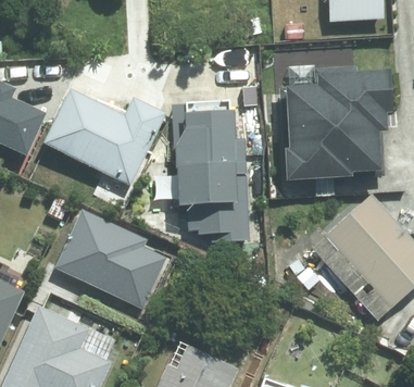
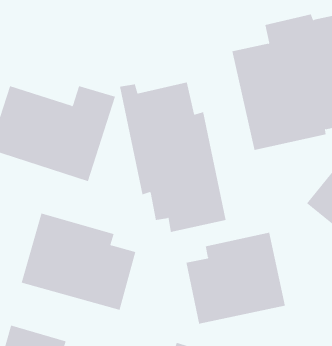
building: none -> [186,232,286,324]

